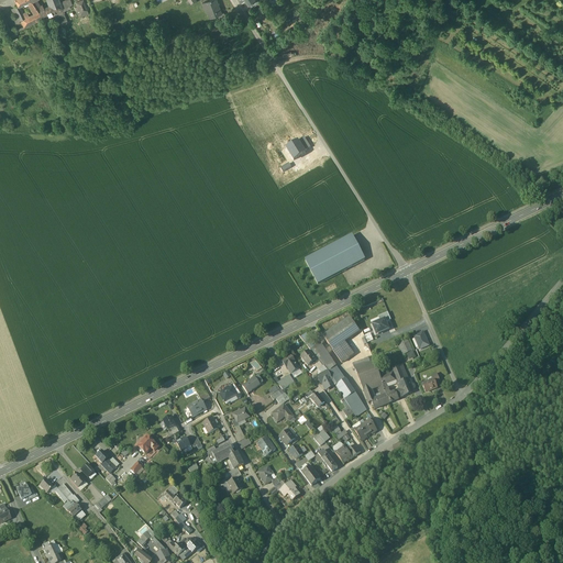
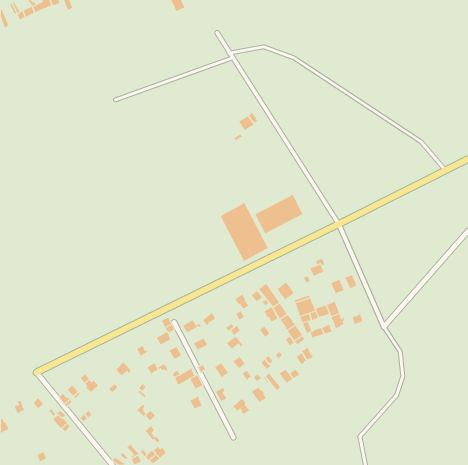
building: none -> [220,202,268,262]
building: [323,316,360,347] -> none

